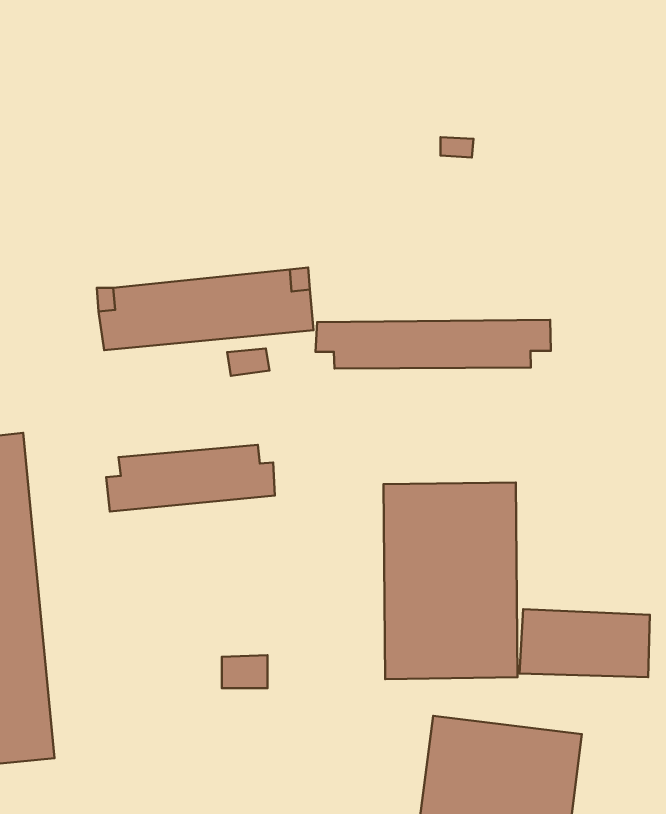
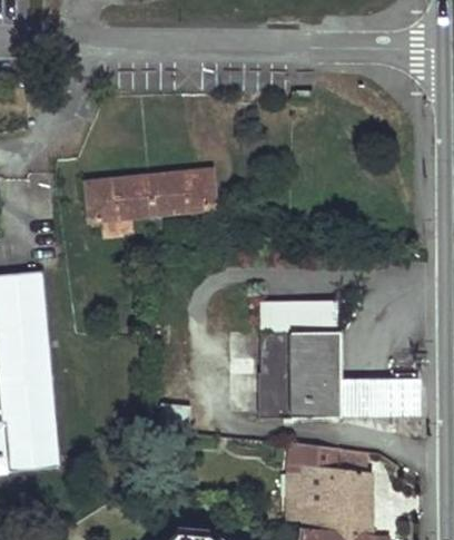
building: [315,320,551,368] -> none
building: [106,445,275,511] -> none

